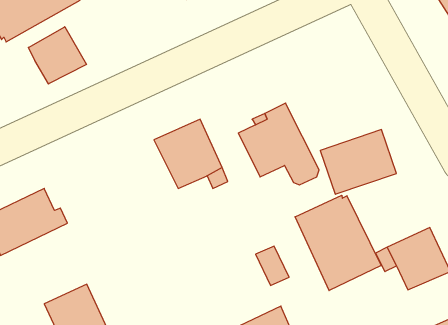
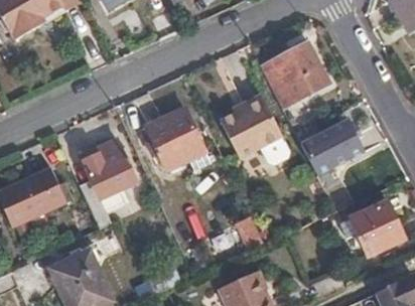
building: [28,27,86,84] -> none
building: none -> [261,42,328,107]
building: none -> [80,139,136,228]
building: [295,195,381,291] -> none

